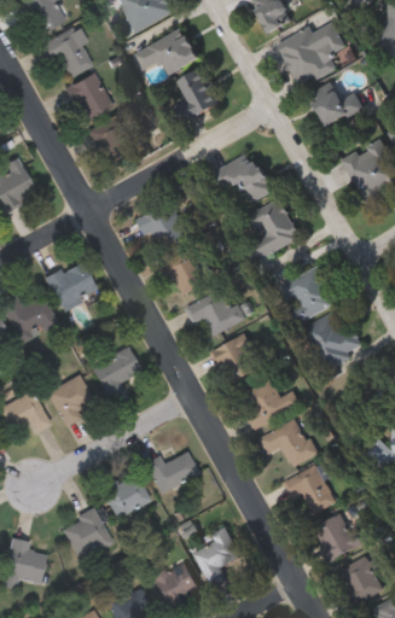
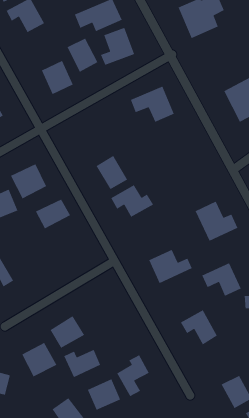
building: [66,74,111,123] -> [66,37,98,73]
building: [309,80,364,127] -> none
building: [244,197,301,261] -> none
building: [136,202,186,246] -> none
building: [278,263,338,322] -> none
building: [214,336,261,389] -> none
building: [89,349,140,392] -> [35,198,71,229]
building: [47,377,89,426] -> none
building: [259,418,315,466] -> [201,262,242,297]
building: [144,453,197,494] -> [63,349,101,378]
building: [315,513,360,560] -> none

